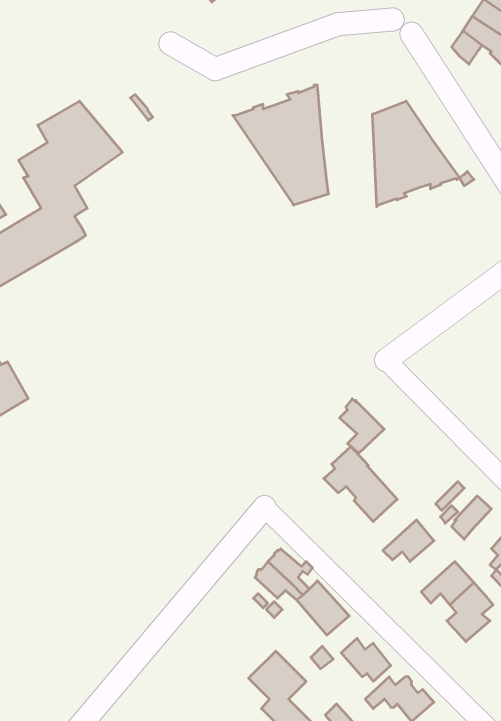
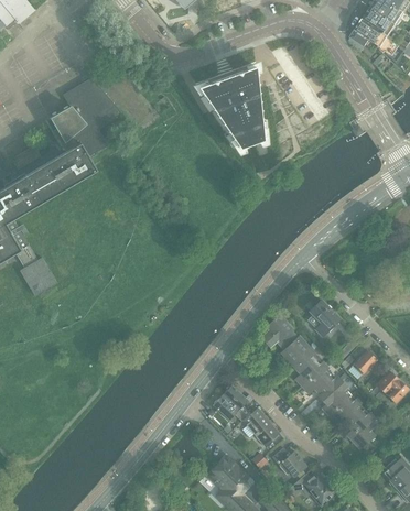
building: [373,101,460,207] -> none
building: [340,399,384,453] -> [309,298,339,336]
building: none -> [294,351,324,387]
building: none -> [319,378,350,415]

